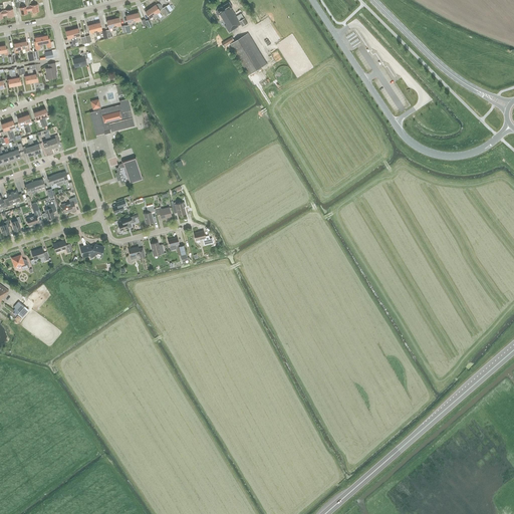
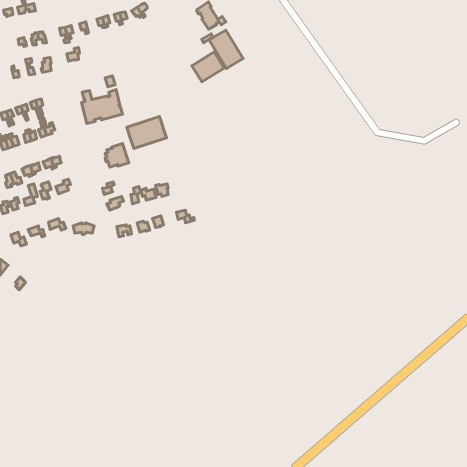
building: none -> [192,52,224,82]
building: none -> [127,116,166,149]

